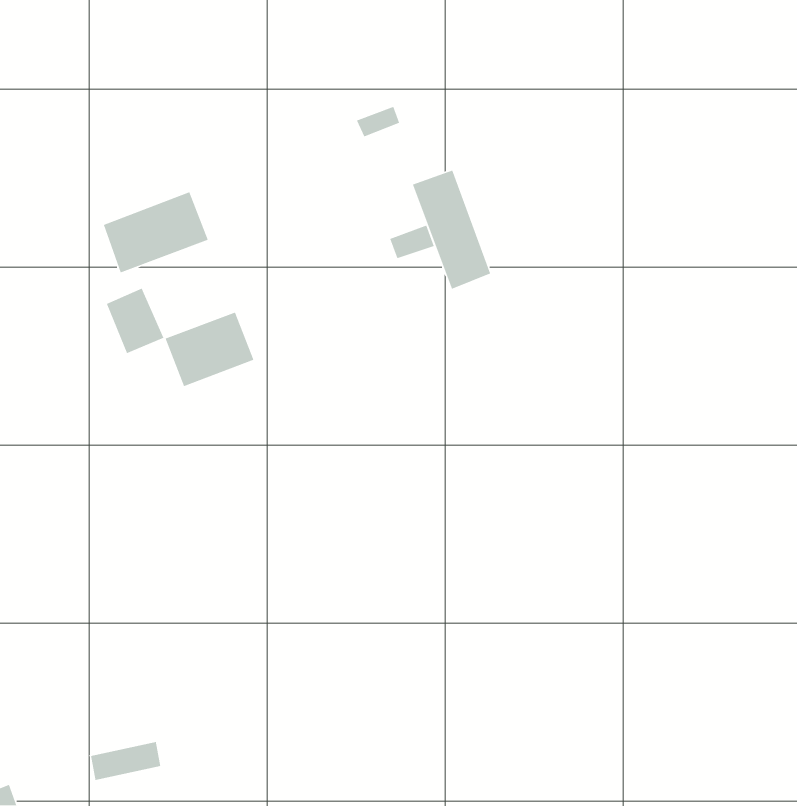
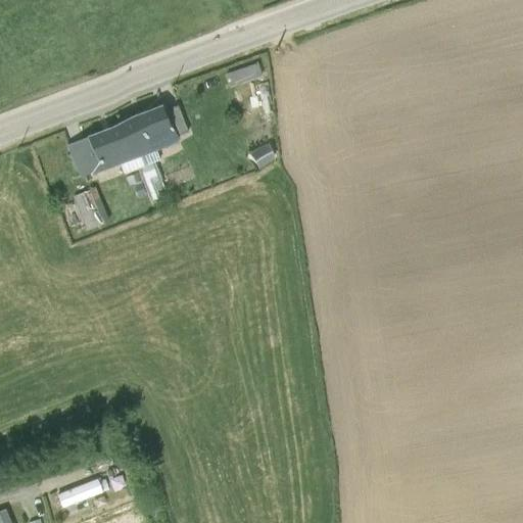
building: [412,170,491,290] -> none
building: [164,311,255,387] -> [123,106,181,155]

